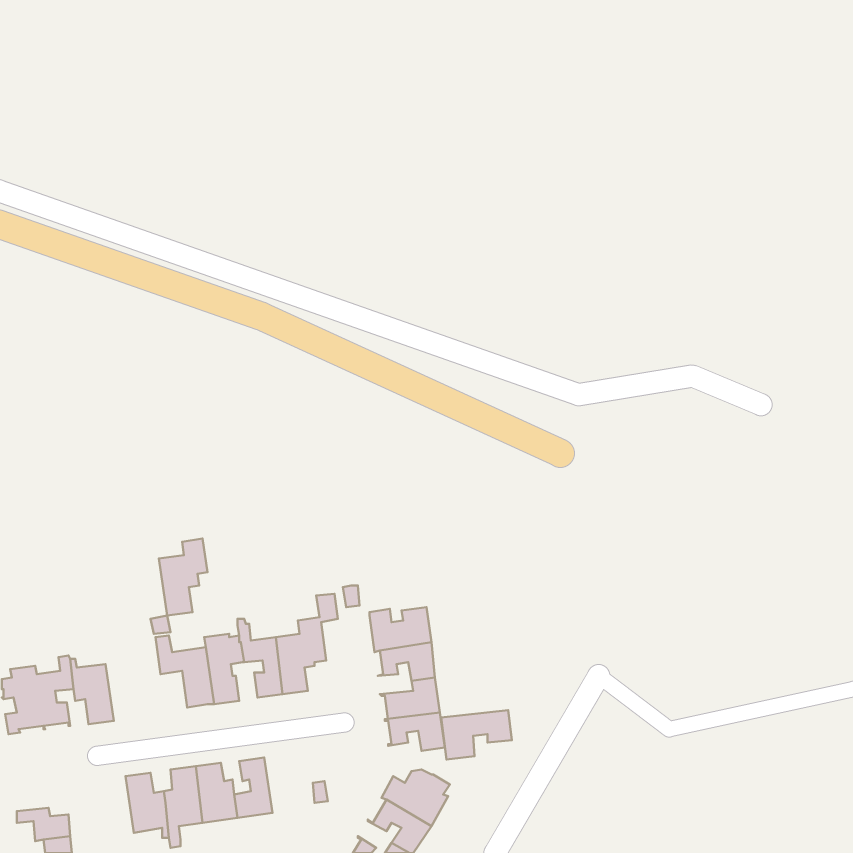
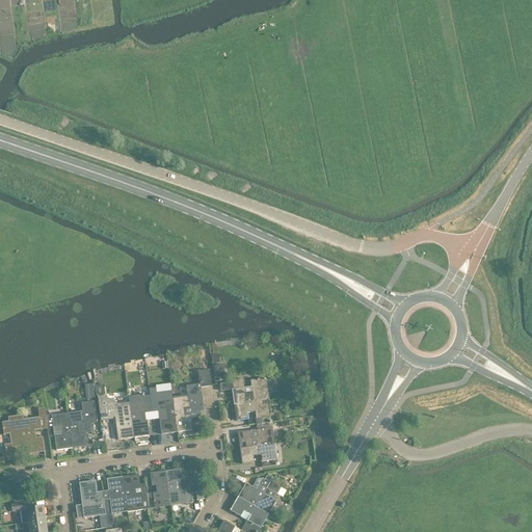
building: [159,539,207,615] -> [65,400,96,448]
building: [441,710,512,760] -> none
building: none -> [164,469,191,505]

